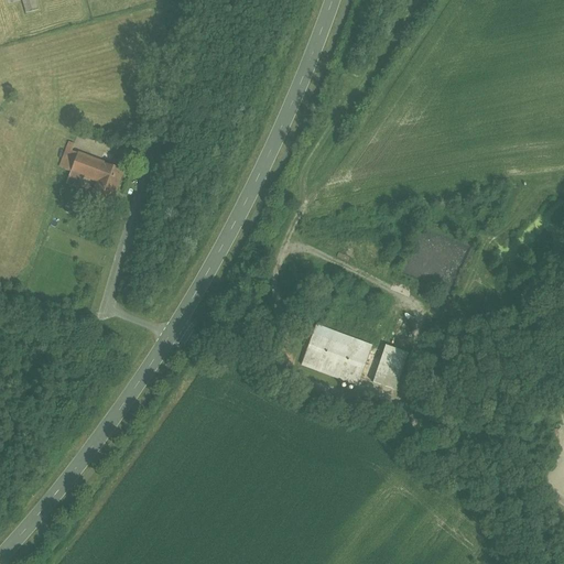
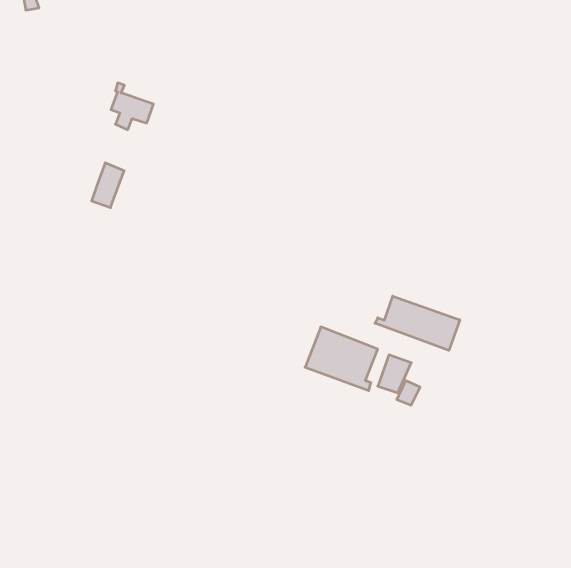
building: [62,140,104,186] -> [111,83,153,130]
building: none -> [375,296,460,350]

